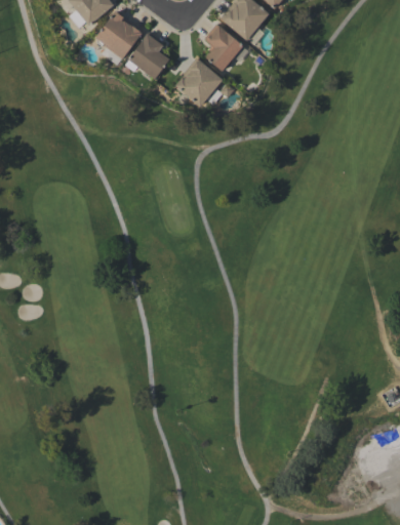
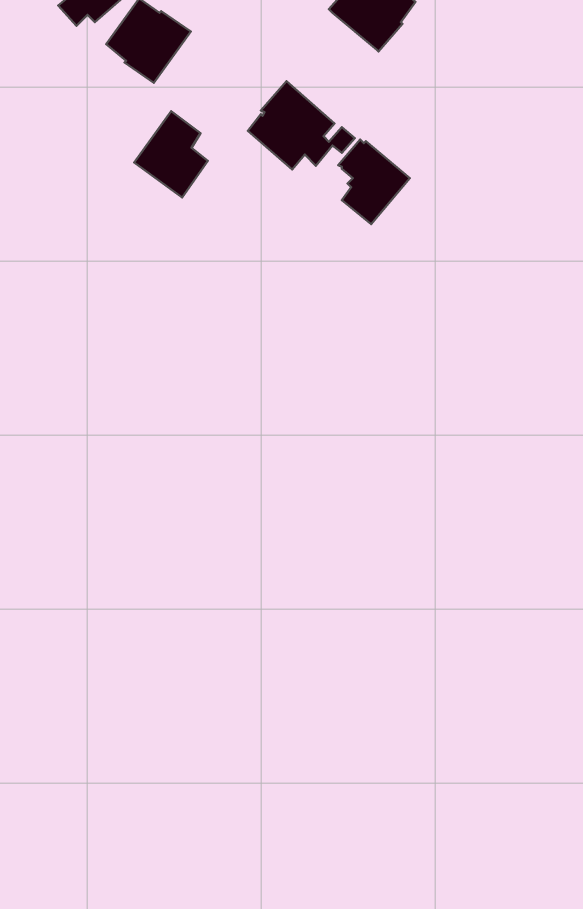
building: [203,24,243,71] -> [338,139,410,224]
building: [127,31,168,79] -> [134,111,208,197]

